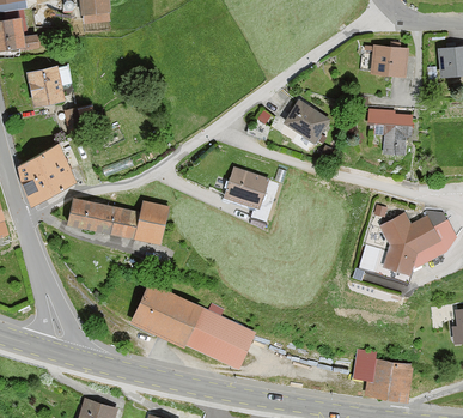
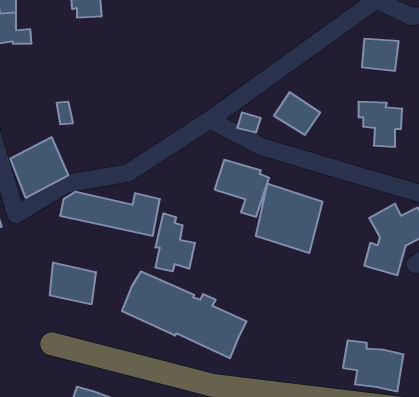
building: [25,66,71,108] -> none
building: none -> [256,183,322,253]
building: none -> [155,213,195,271]
building: none -> [50,262,96,304]

